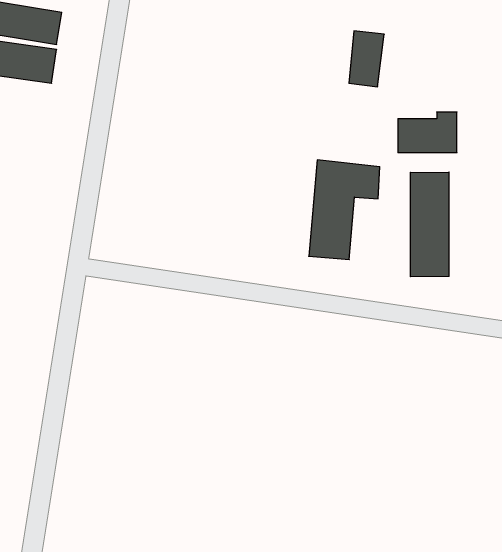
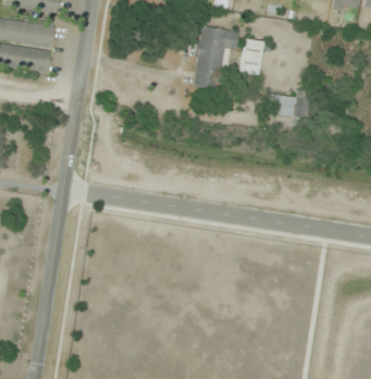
building: [309,160,380,260] -> [194,25,239,89]
building: [410,172,449,277] -> none

